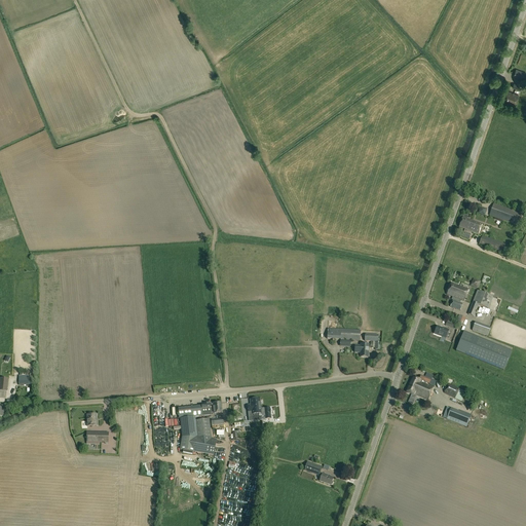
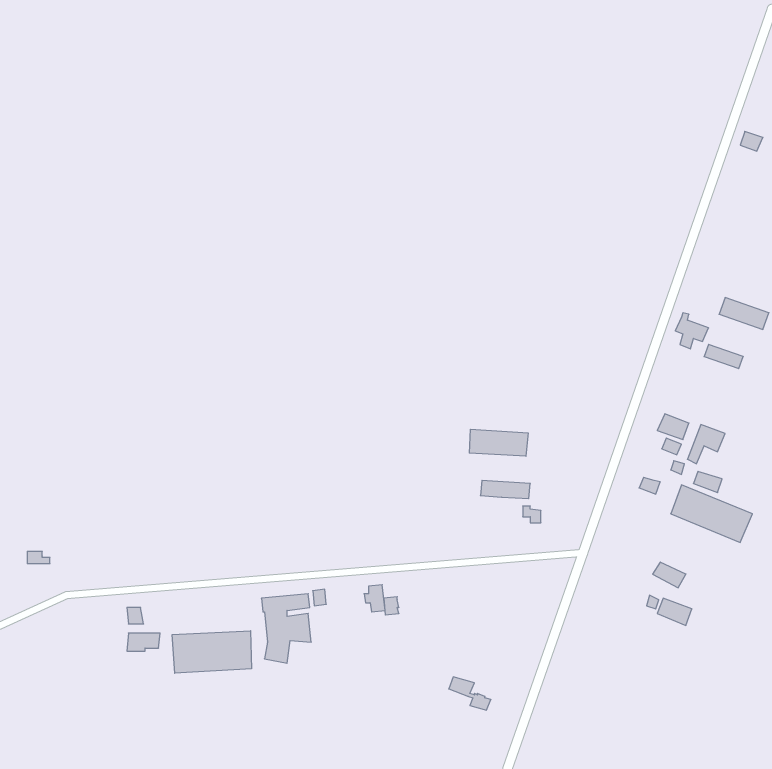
building: none -> [469,429,528,456]
building: [406,374,434,399] -> none
building: none -> [172,631,251,673]

